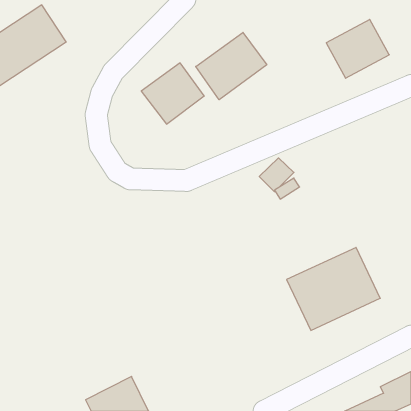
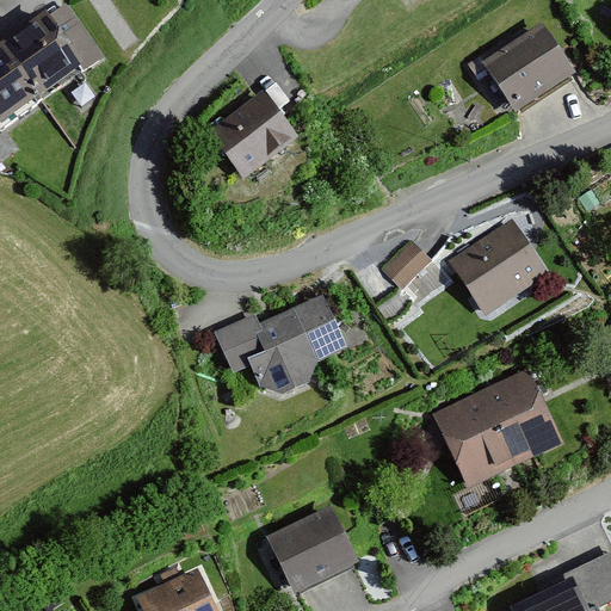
building: [196,32,267,100] -> none
building: none -> [448,216,548,313]
building: none -> [202,286,351,396]
building: none -> [264,505,359,597]

